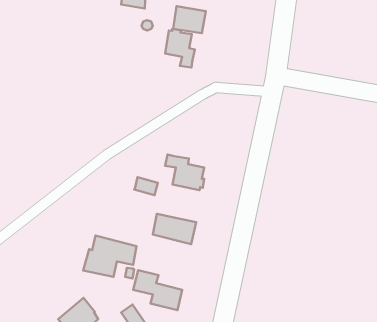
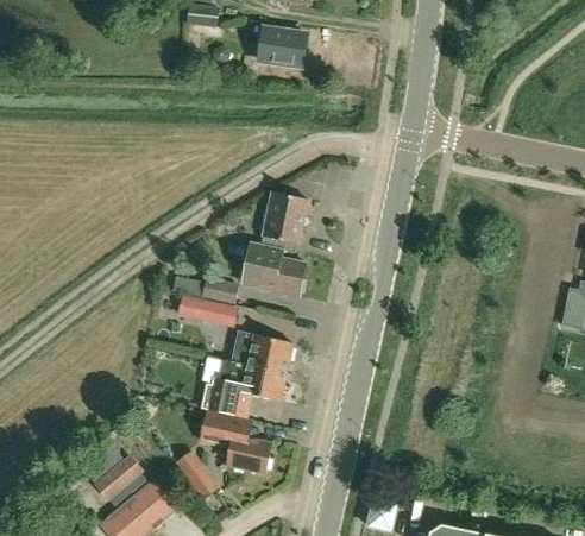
building: [165,29,195,68] -> none
building: none -> [260,191,307,253]
building: none -> [194,301,229,334]
building: [83,235,136,277] -> [208,359,285,420]

